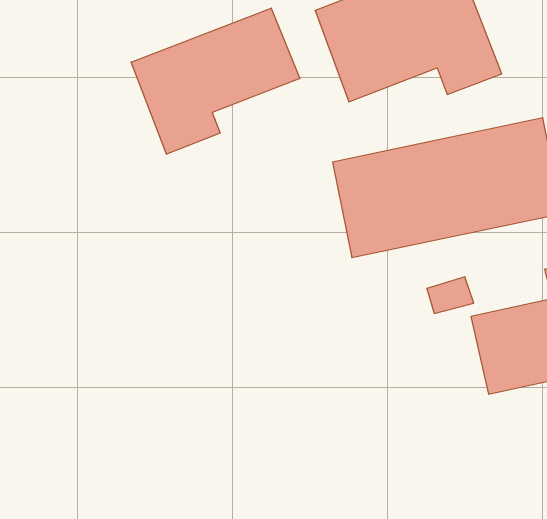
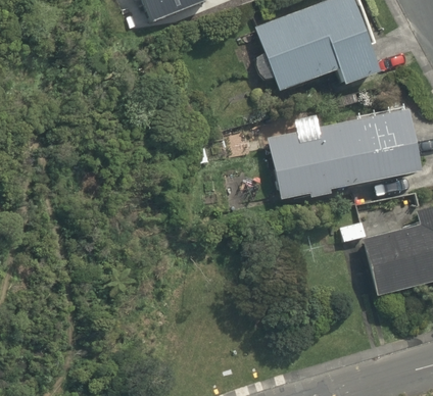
building: [131,8,300,154] -> none

